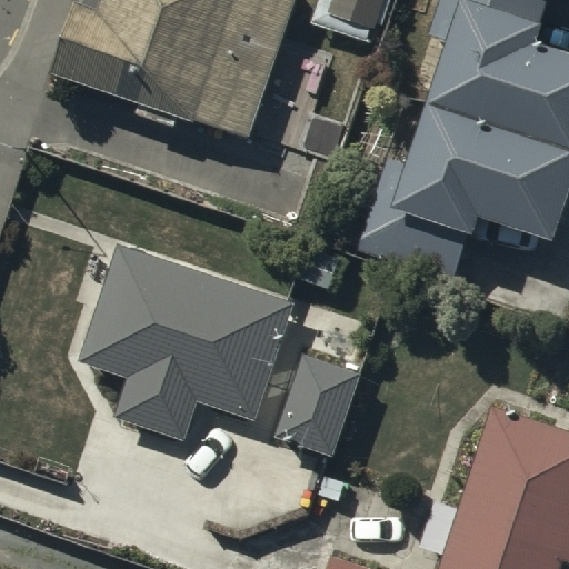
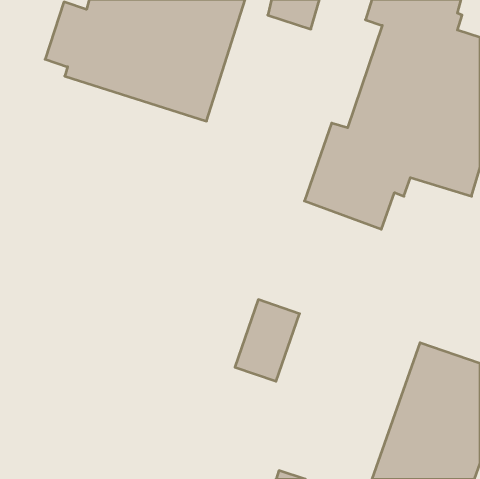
building: [87,248,289,440] -> none

